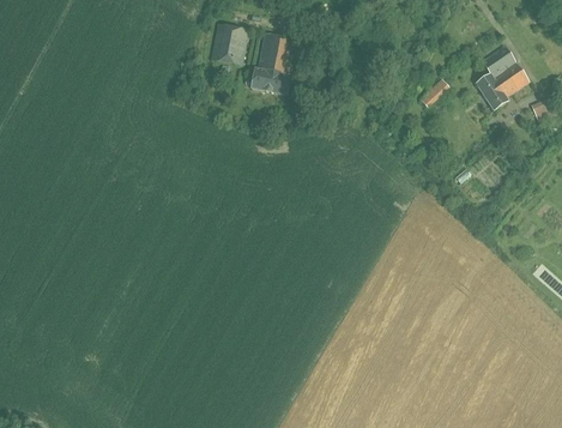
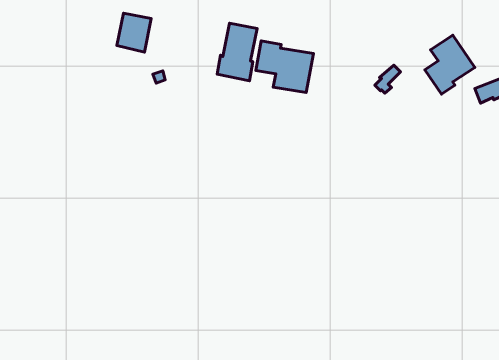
building: [210,23,247,65] -> [117,13,151,52]
building: none -> [256,41,313,92]

